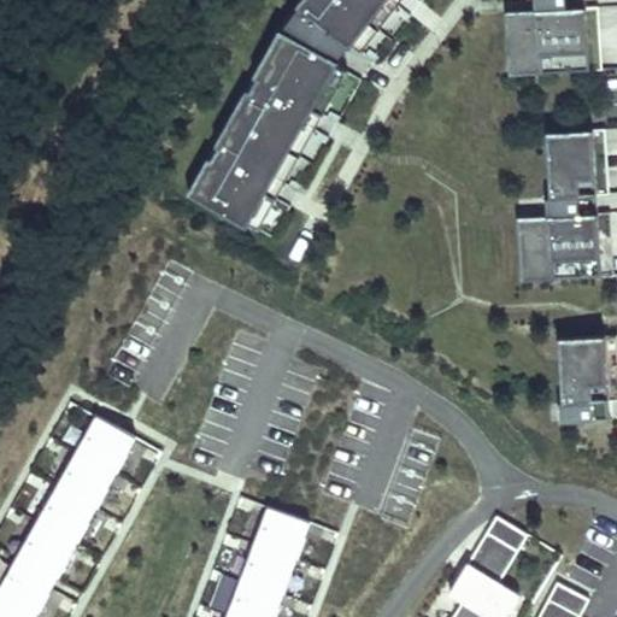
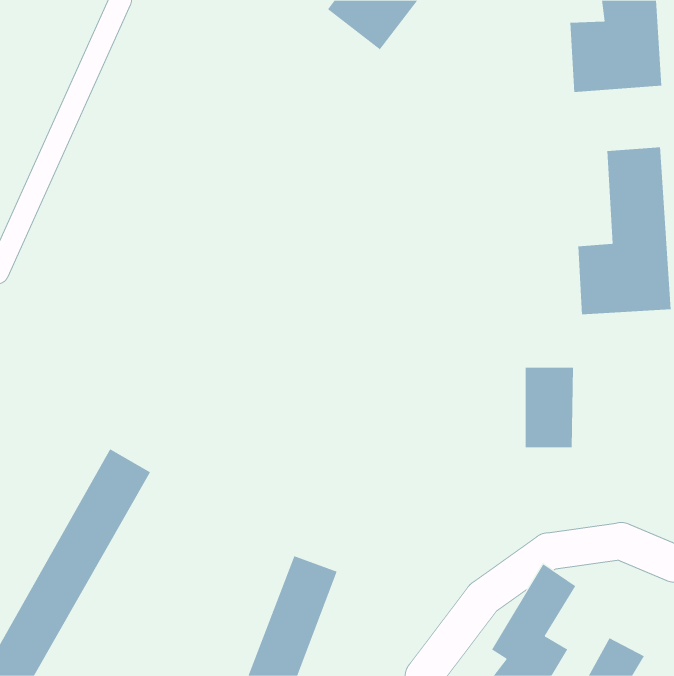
building: [186,27,342,235] -> none
building: [564,340,609,413] -> [525,367,574,448]

